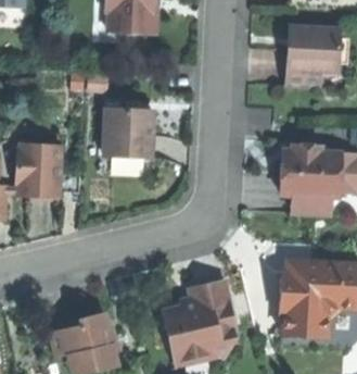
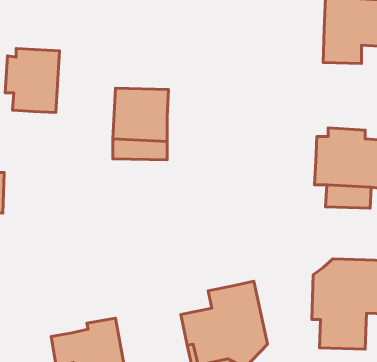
building: [13,142,61,199] -> [5,48,60,113]

